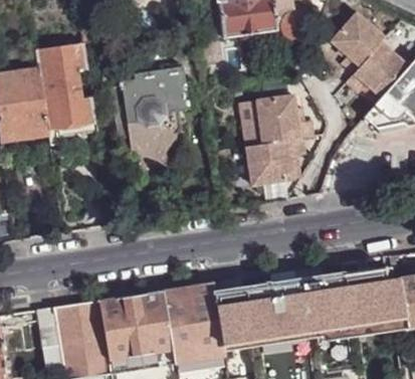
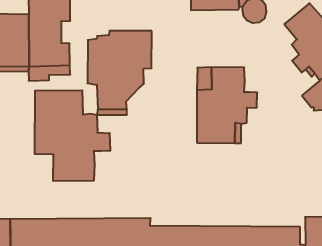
building: none -> [35,90,110,181]

